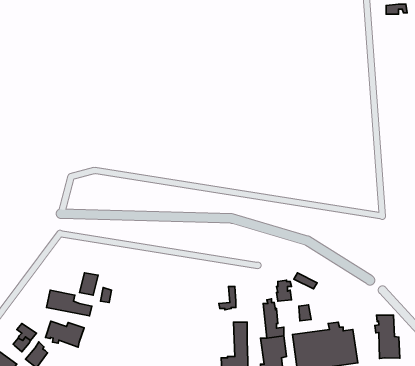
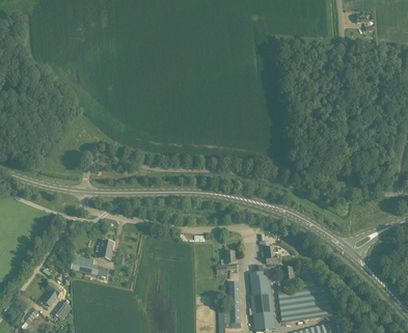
building: [375,315,400,359] -> none
building: [45,321,84,347] -> none

